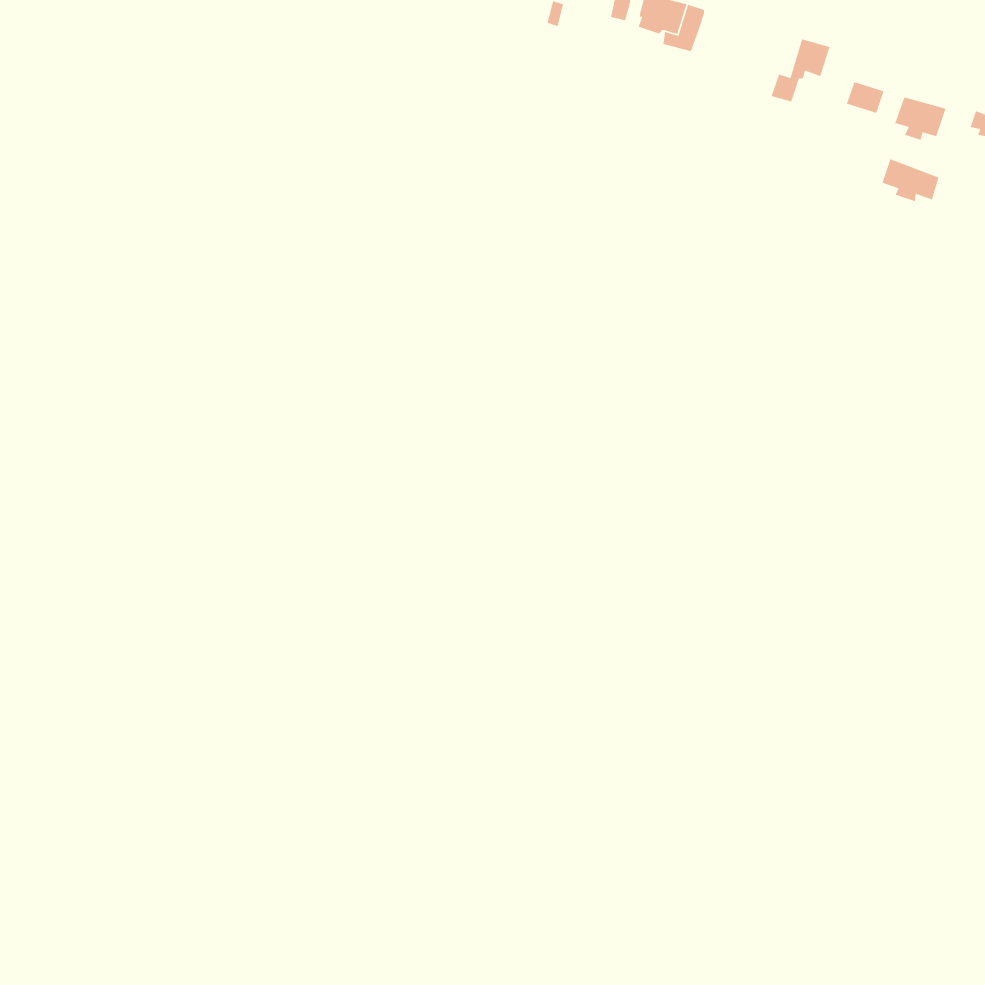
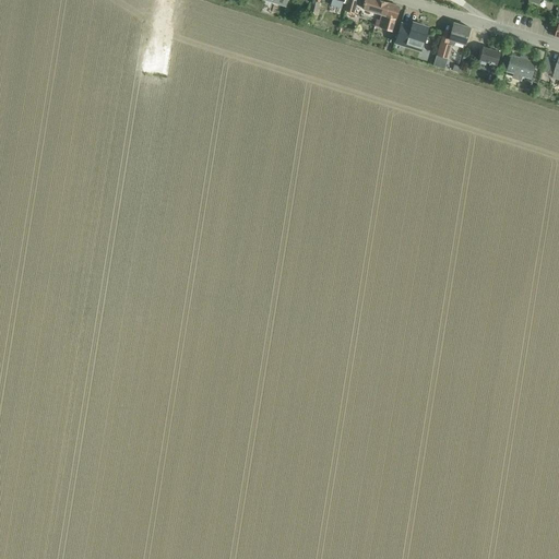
building: none -> [395,21,429,50]
building: [881,158,940,202] -> none

